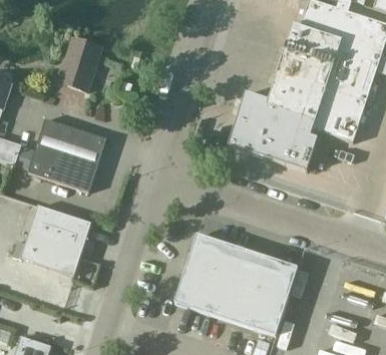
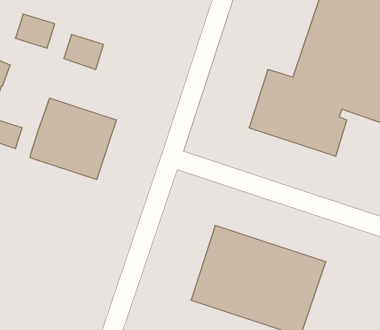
building: [66,38,102,69] -> [15,14,55,48]
building: [11,206,92,276] -> none

